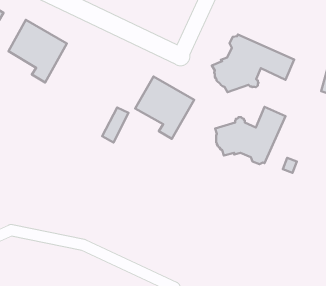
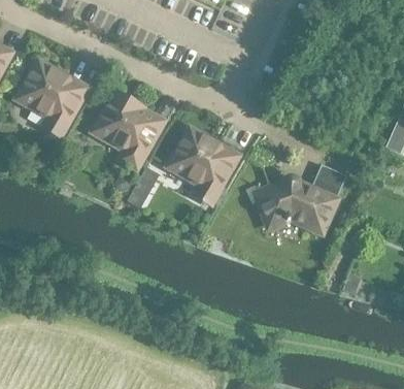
building: [212,35,294,92] -> none
building: none -> [93,93,163,166]

